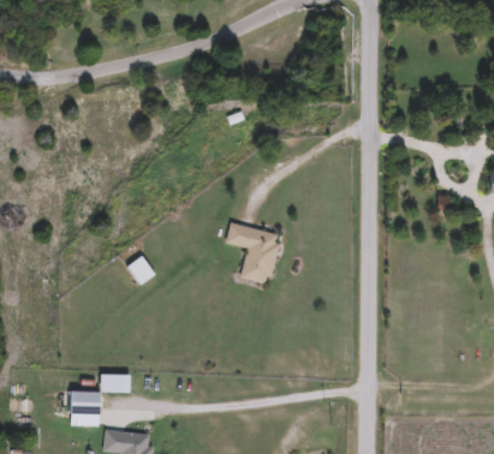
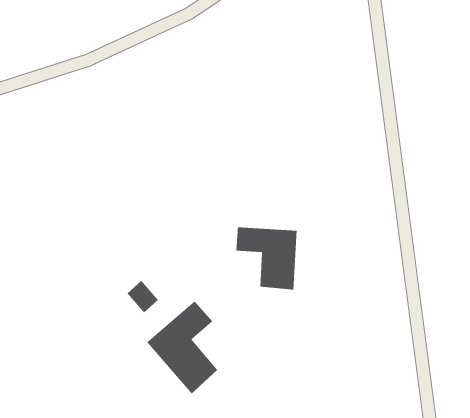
building: none -> [146,301,218,395]

